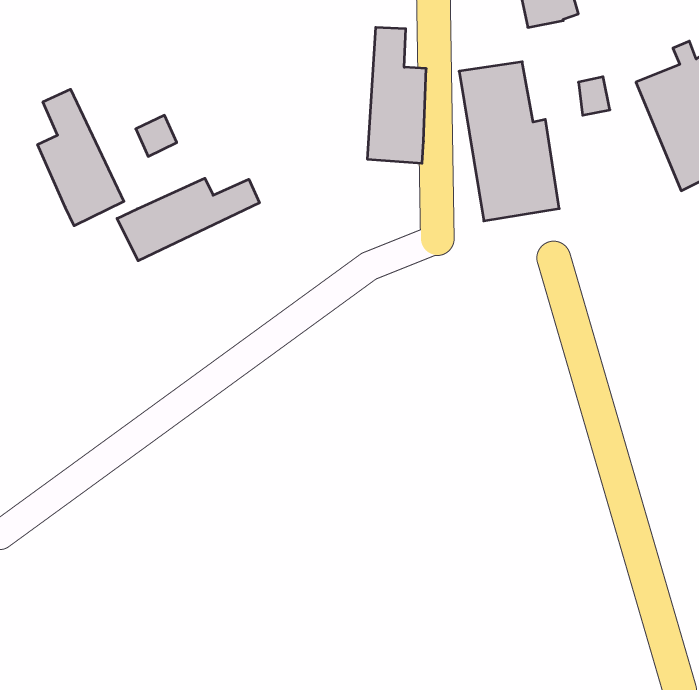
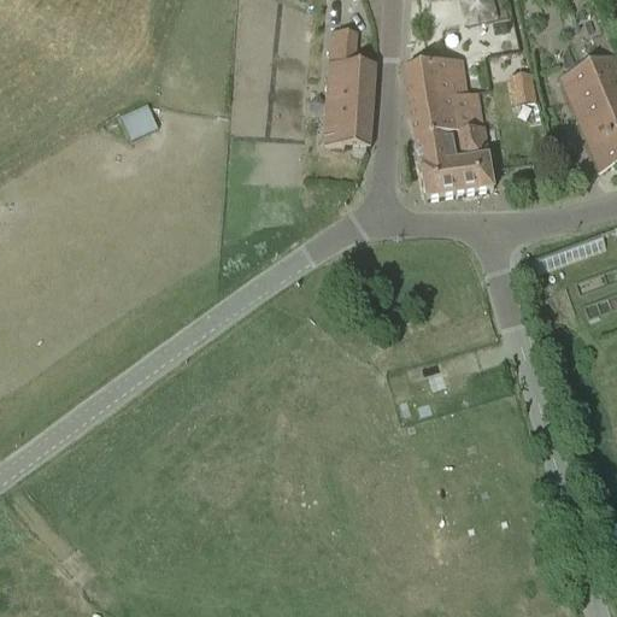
building: [38,89,124,226] -> none
building: [117,178,259,261] -> none

